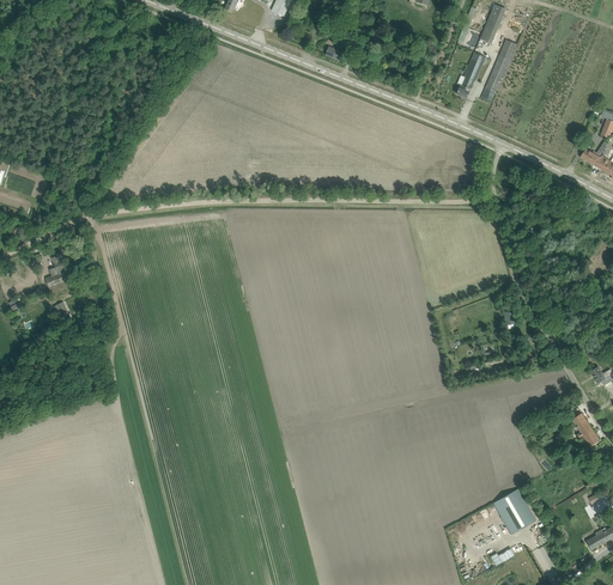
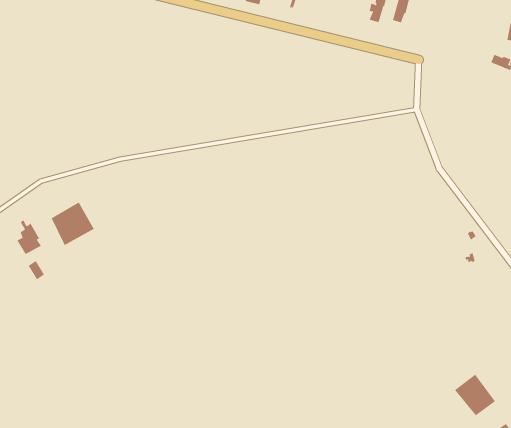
building: none -> [51,202,95,246]

